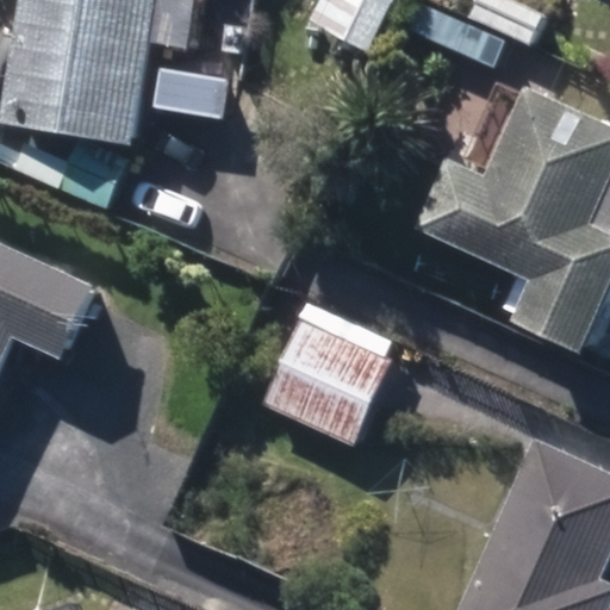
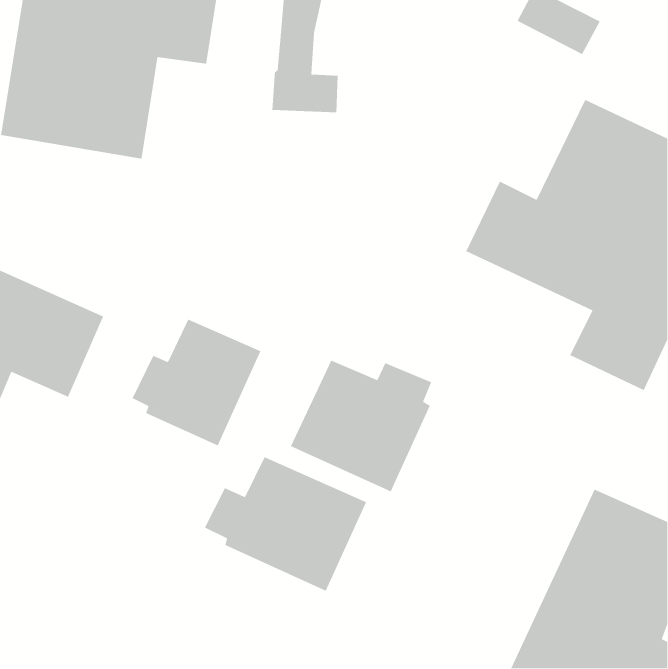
building: none -> [132,319,262,447]
building: none -> [204,456,367,592]

